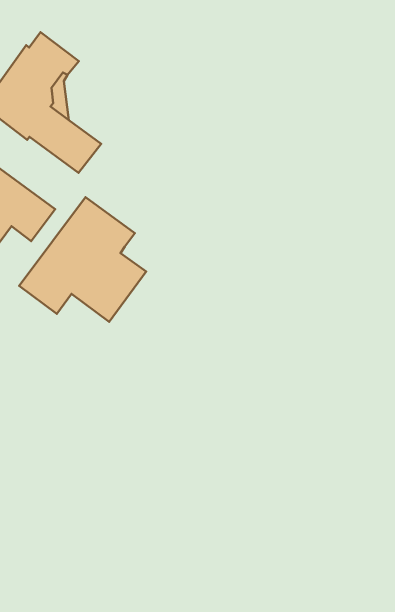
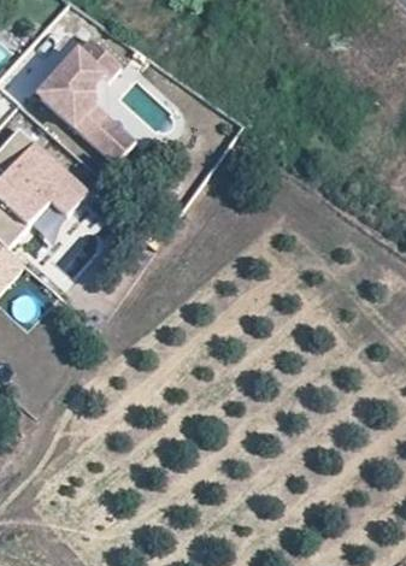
building: [19,197,146,322] -> none

